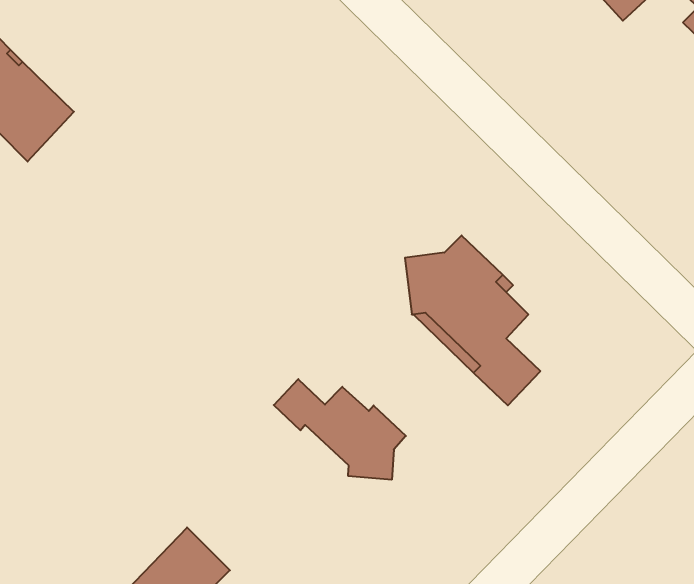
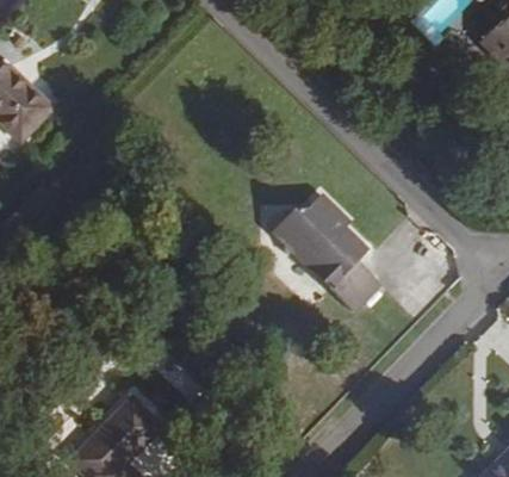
building: [274,379,406,480] -> none

